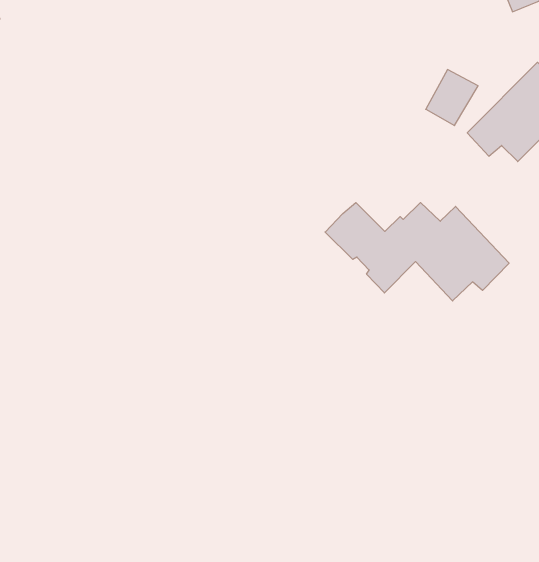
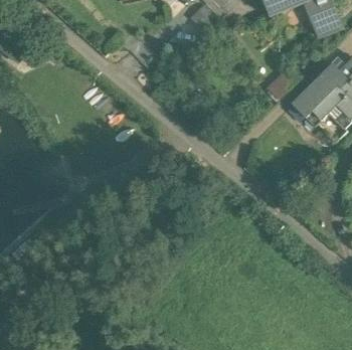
building: [325,203,509,301] -> none

